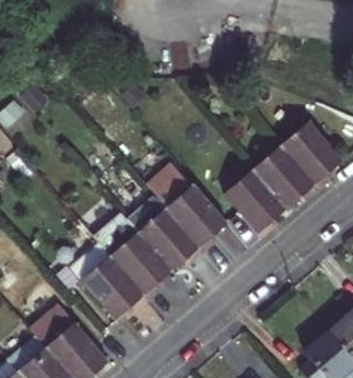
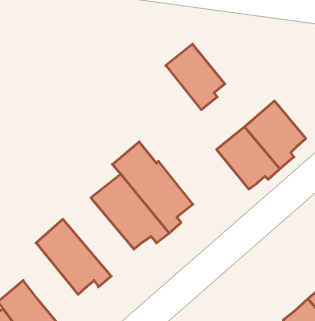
building: [222,172,282,238] -> [166,44,225,110]
building: [87,213,165,300] -> none

